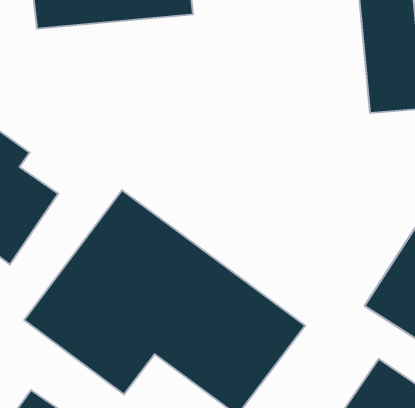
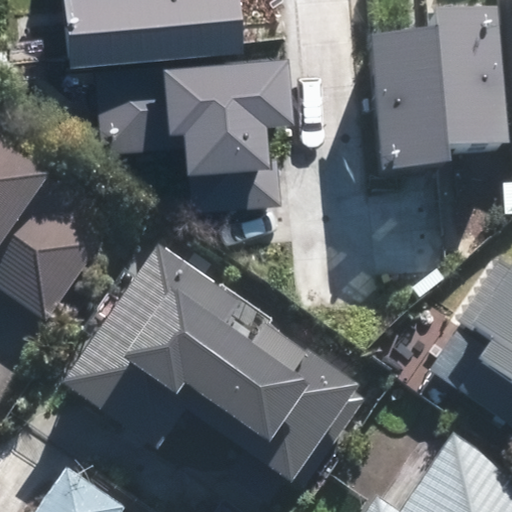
building: none -> [160,50,293,208]
building: none -> [374,65,442,193]

